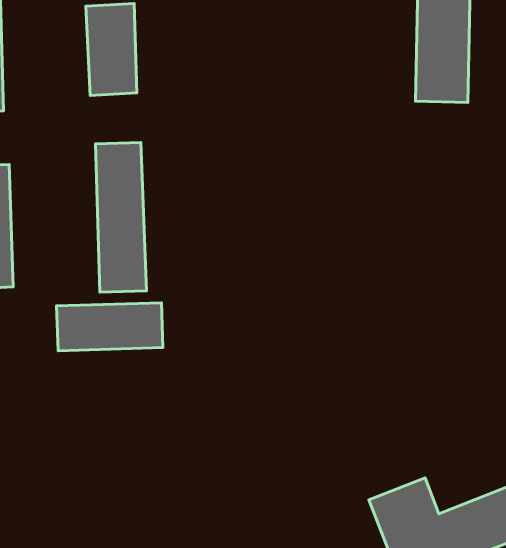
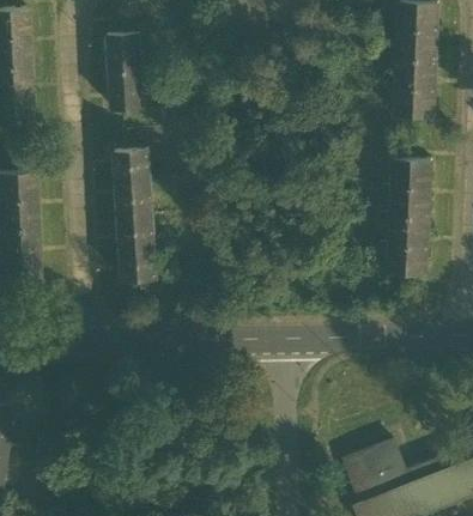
building: none -> [387,158,431,275]
building: [57,303,163,351] -> none

